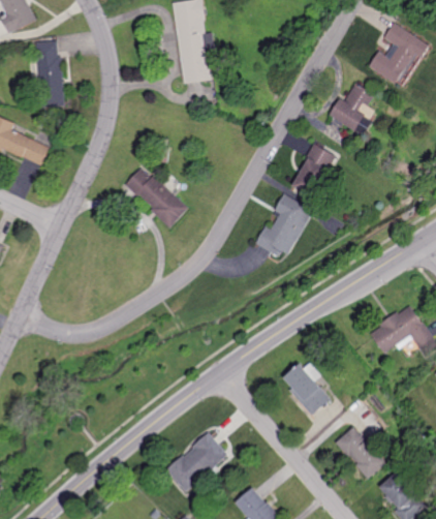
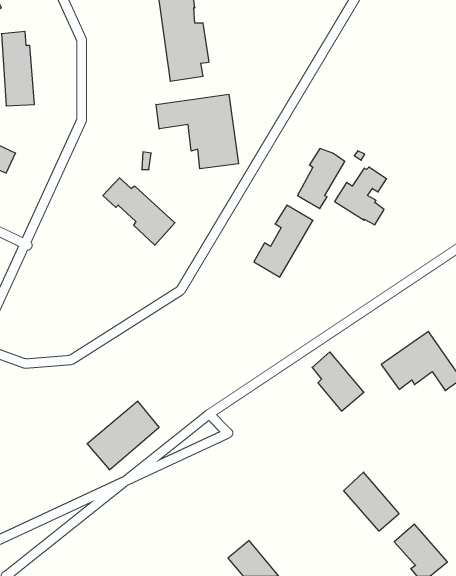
building: [369,23,430,85] -> none
building: [330,84,375,134] -> [335,167,387,225]
building: none -> [156,94,238,169]
building: [284,364,330,416] -> [312,352,364,411]
building: [164,433,227,493] -> [87,401,159,470]

